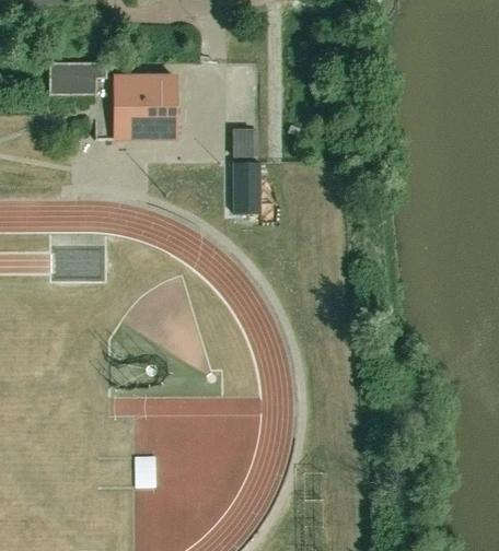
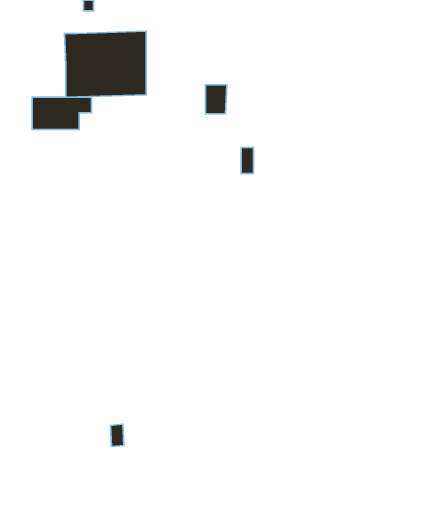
building: [49,61,107,93] -> [32,97,91,130]
building: [233,162,260,212] -> none

